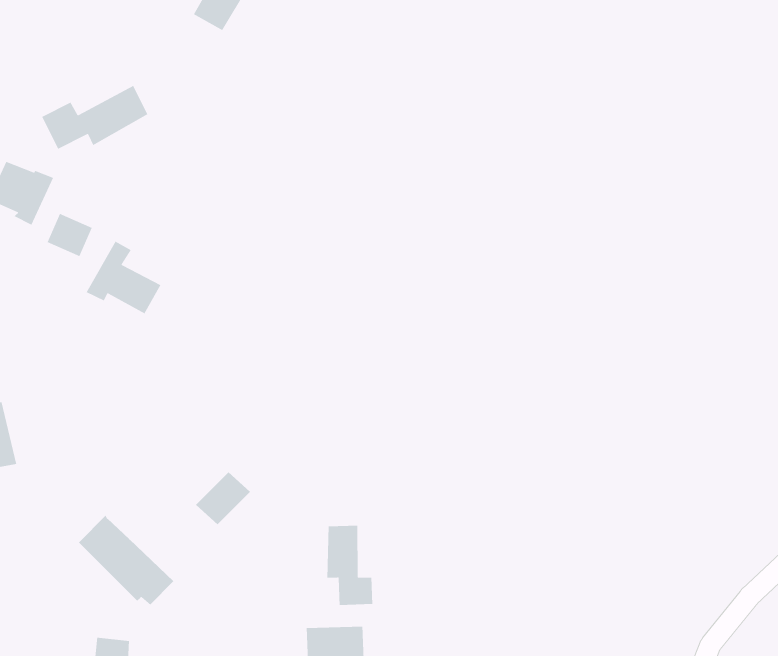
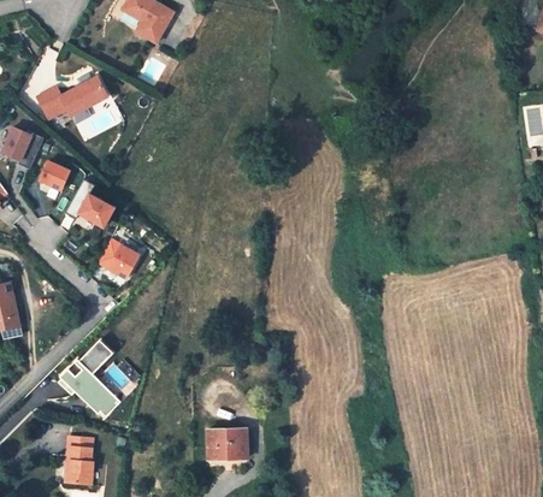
building: none -> [107,243,138,277]
building: [195,472,251,525] -> [78,337,114,372]
building: [327,525,373,606] -> none

